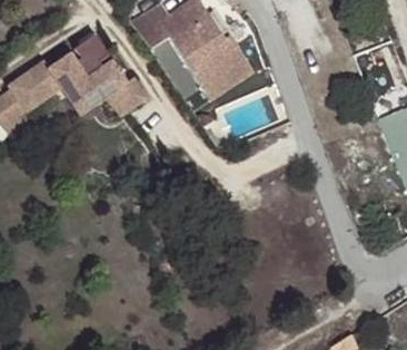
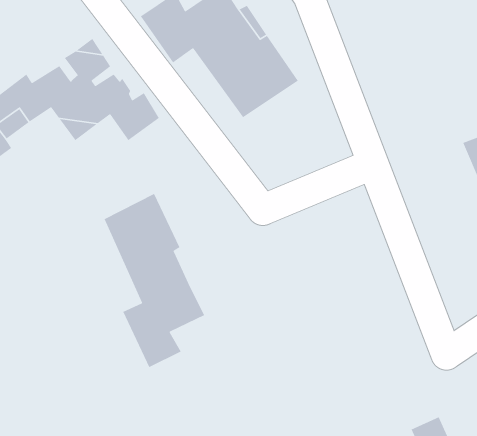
building: none -> [103,193,205,368]

